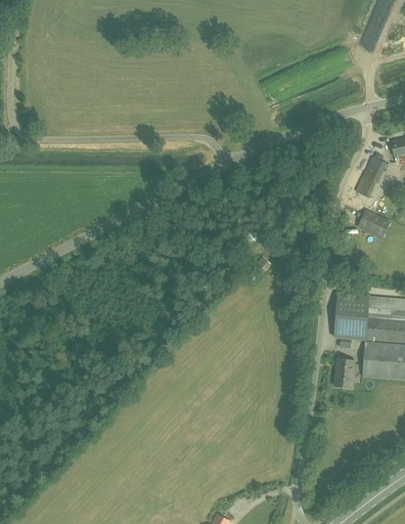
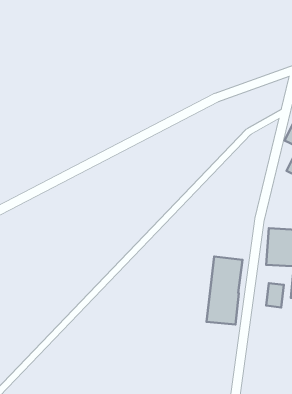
building: none -> [206,257,242,325]

